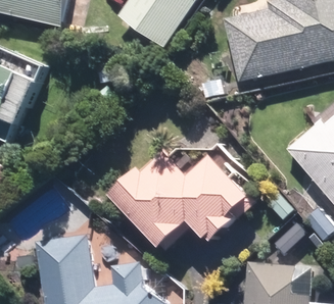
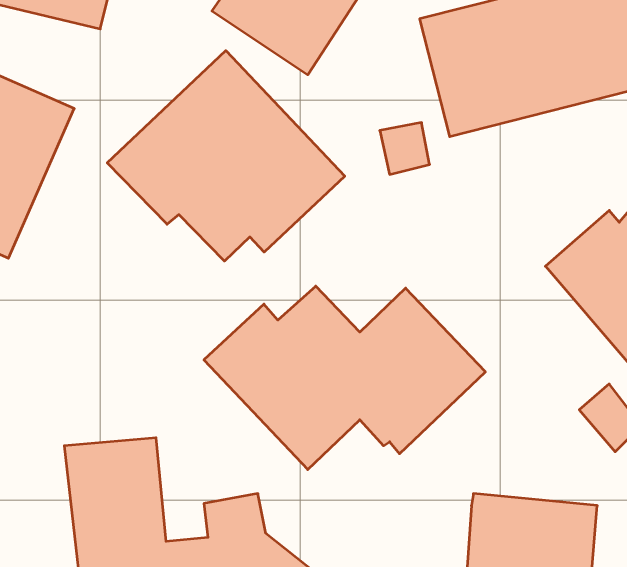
building: none -> [107,51,345,261]

